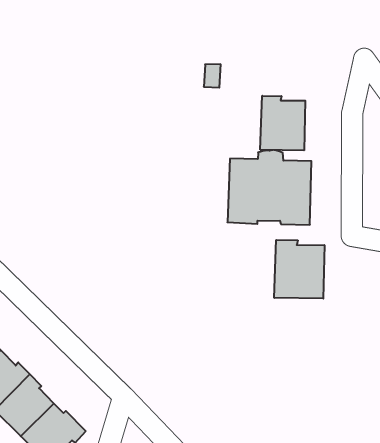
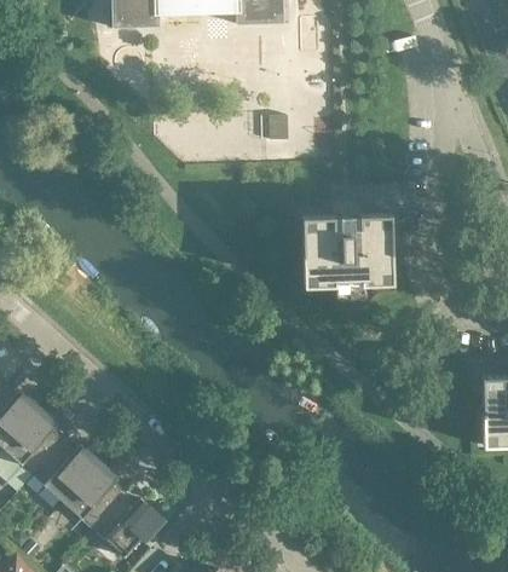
building: [260,96,305,150] -> none
building: [274,240,324,299] -> none

